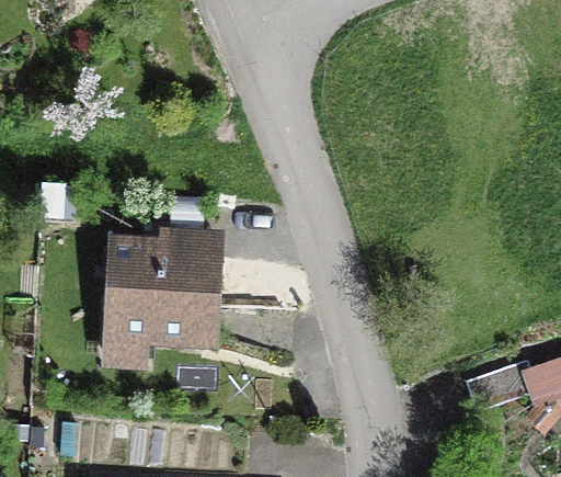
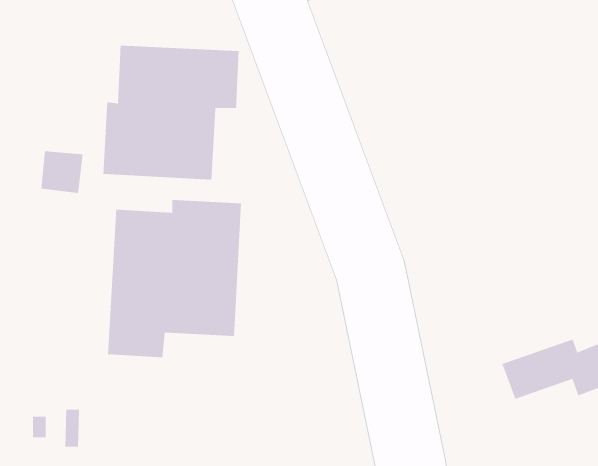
building: none -> [103,45,239,180]

